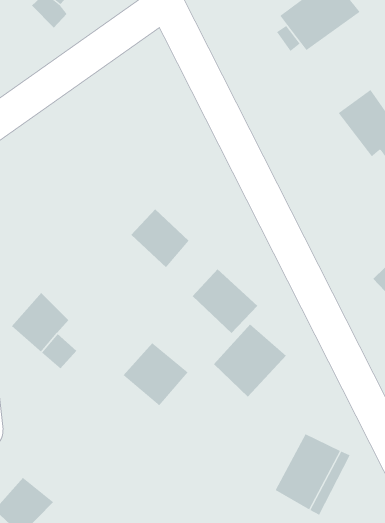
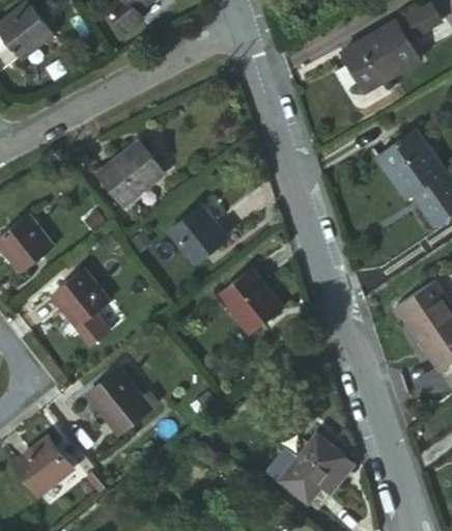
building: none -> [105,145,167,205]
building: [213,323,287,397] -> none
building: [123,342,188,406] -> [89,371,149,430]

